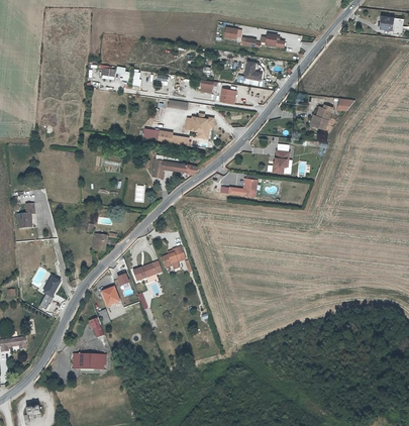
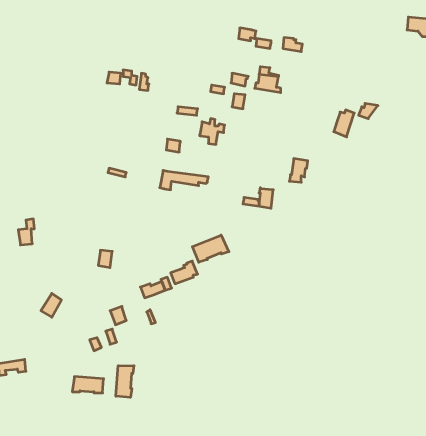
building: none -> [192,235,229,262]
building: none -> [116,366,134,397]

